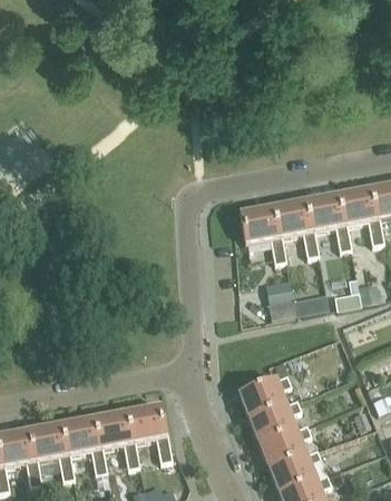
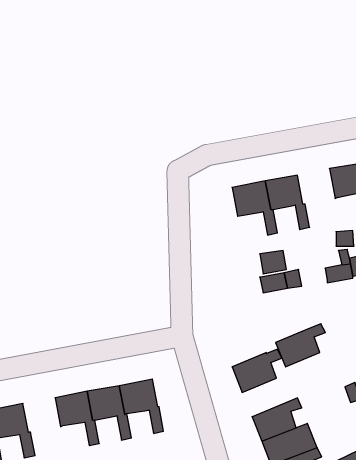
building: [305,194,350,248] -> none
building: [250,400,300,443] -> [276,324,325,367]
building: [29,424,74,479] -> none

